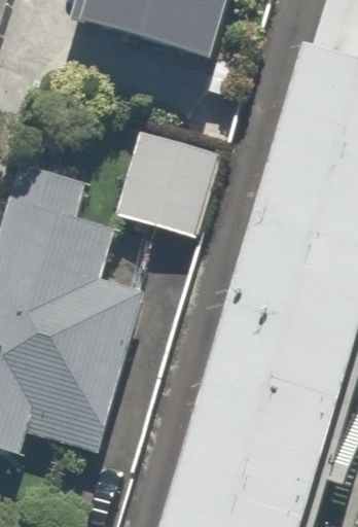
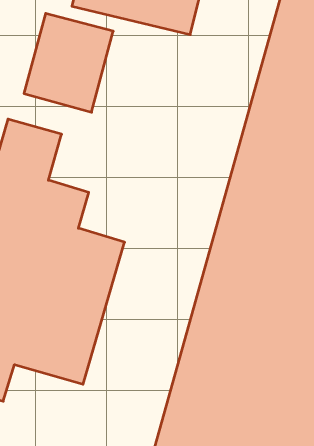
building: [110,129,208,237] -> [24,13,113,112]

